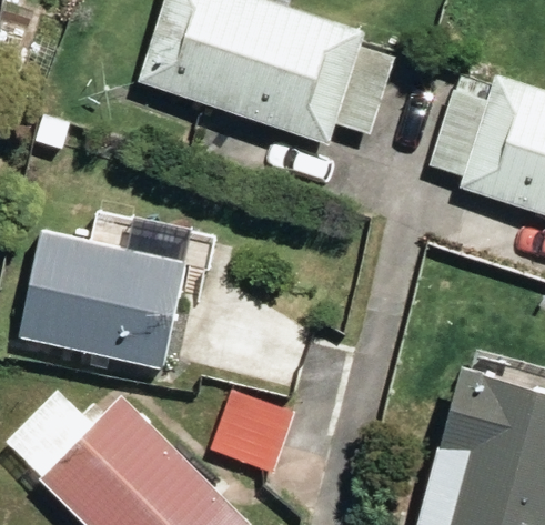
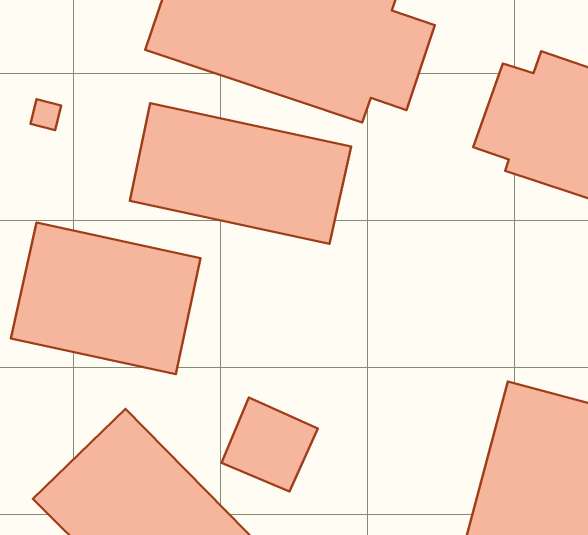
building: none -> [130,103,351,244]

